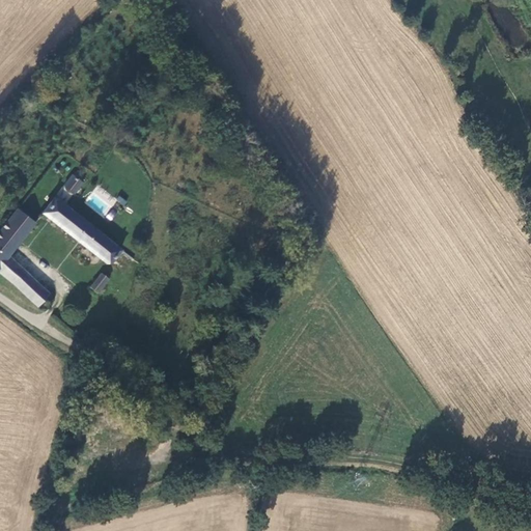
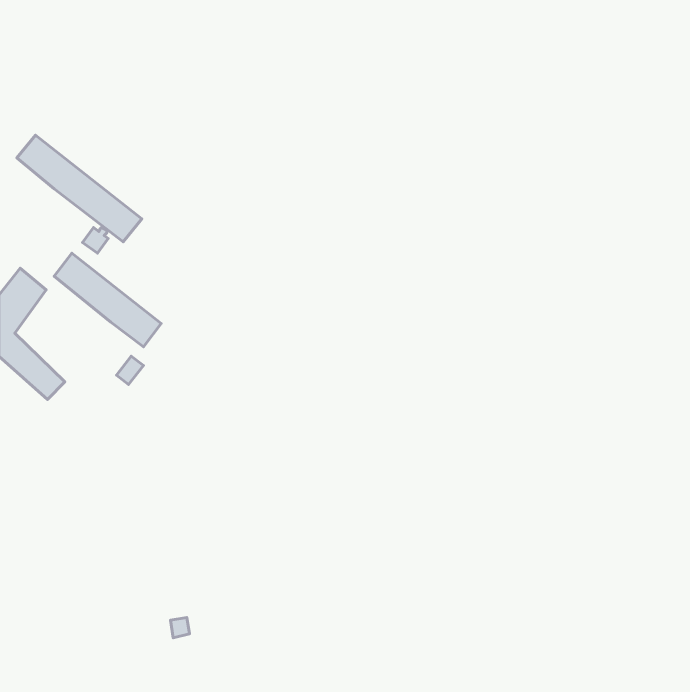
building: none -> [17,135,142,242]

